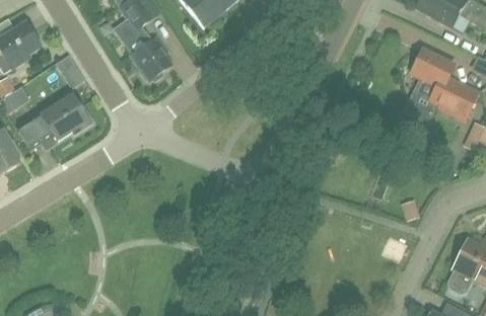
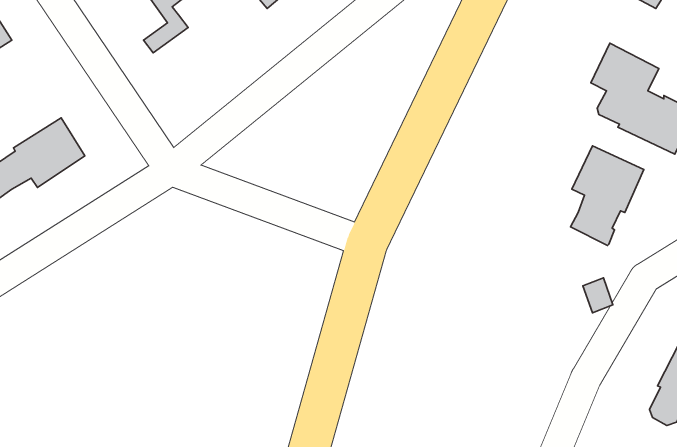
building: [130,35,170,80] -> none
building: none -> [571,146,644,246]

